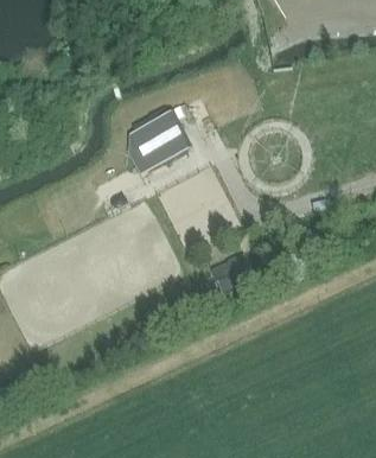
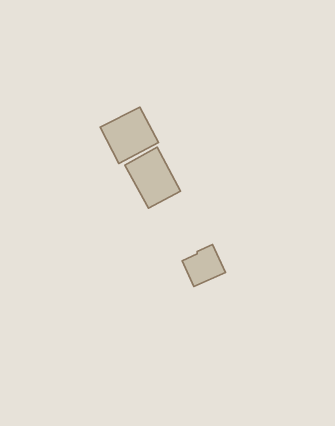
building: none -> [125,147,180,208]

